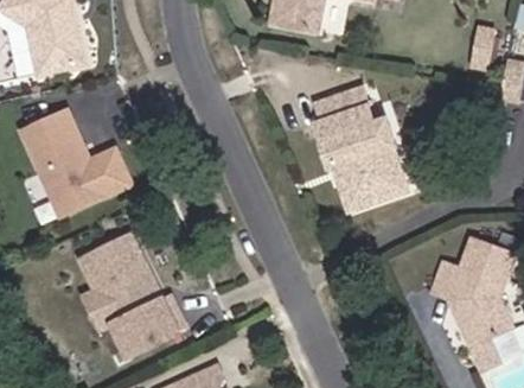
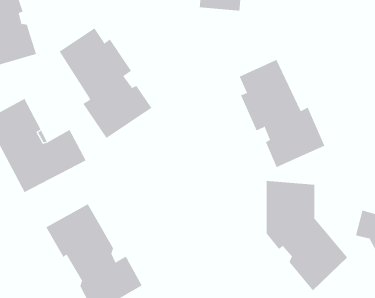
building: none -> [59,28,152,139]
building: none -> [266,180,348,291]

